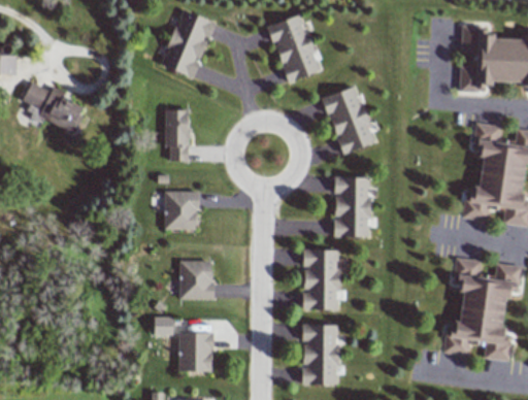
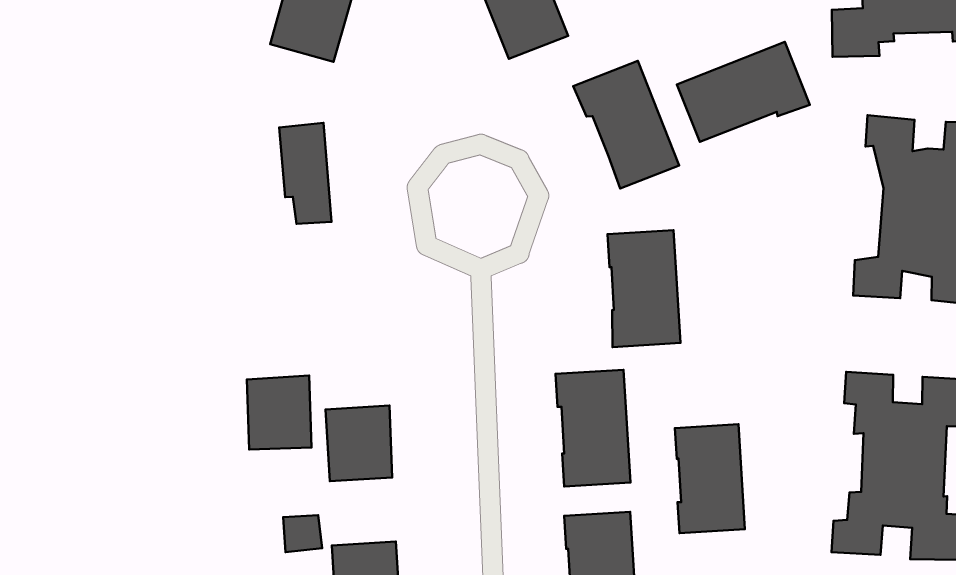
building: none -> [677,42,810,142]
building: [24,82,87,134] -> none
building: [165,192,199,230] -> [247,376,312,449]
building: none -> [675,424,745,533]

